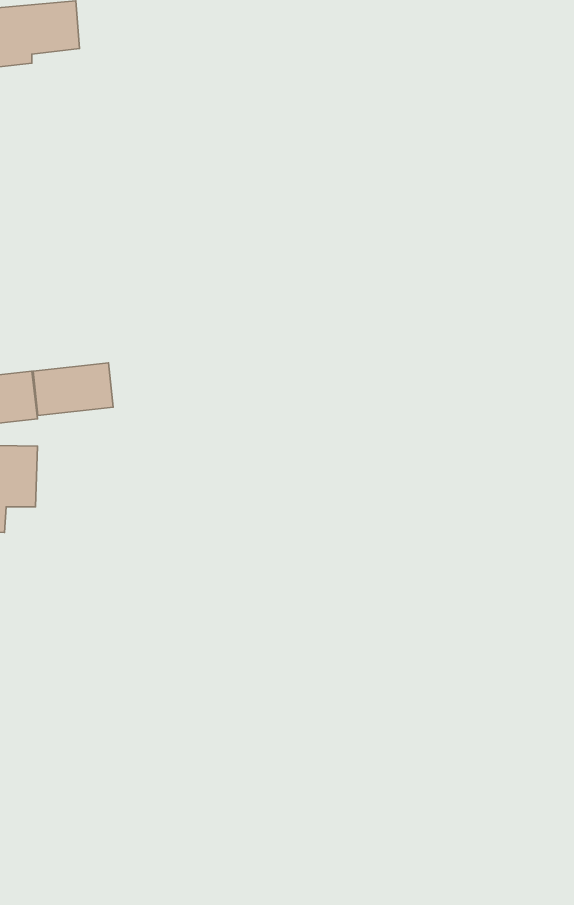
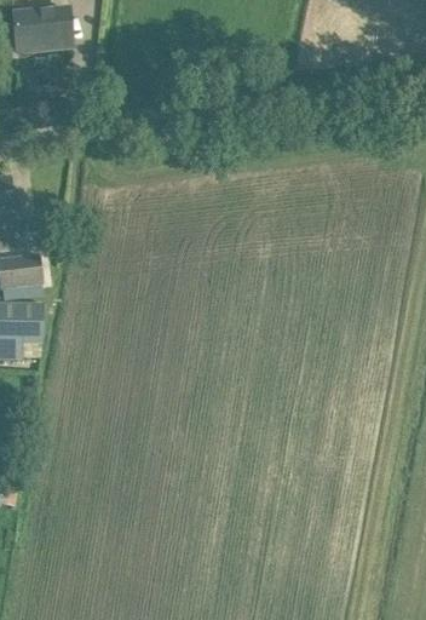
building: [33,363,113,416] -> none

